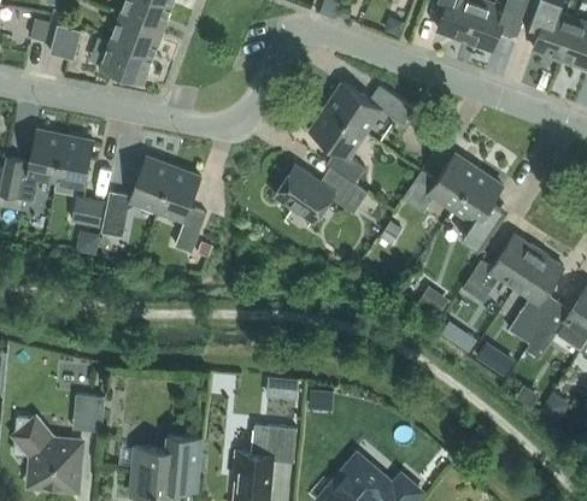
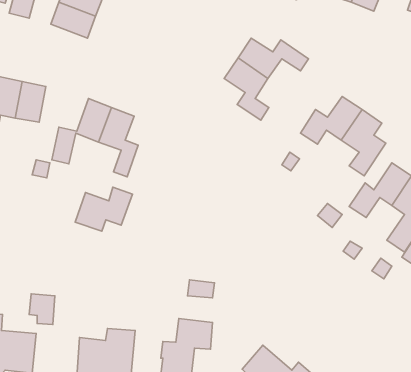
building: [274,164,368,222] -> none
building: [71,196,104,226] -> none
building: none -> [75,187,132,231]

